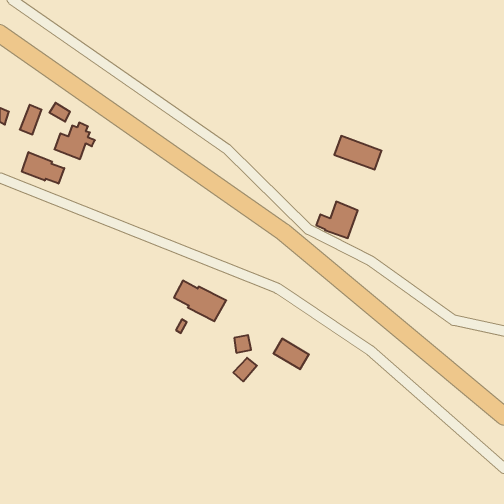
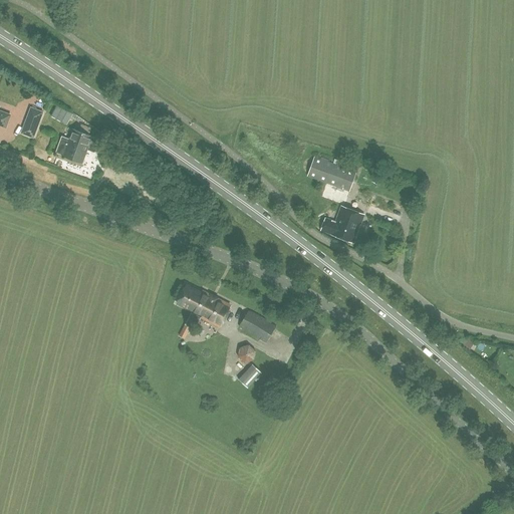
building: [334,136,382,170] -> [307,156,355,190]
building: [22,152,64,184] -> none
building: [273,339,309,369] -> [239,310,275,341]

